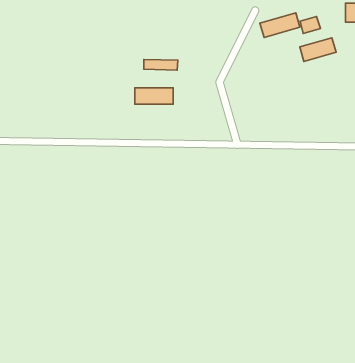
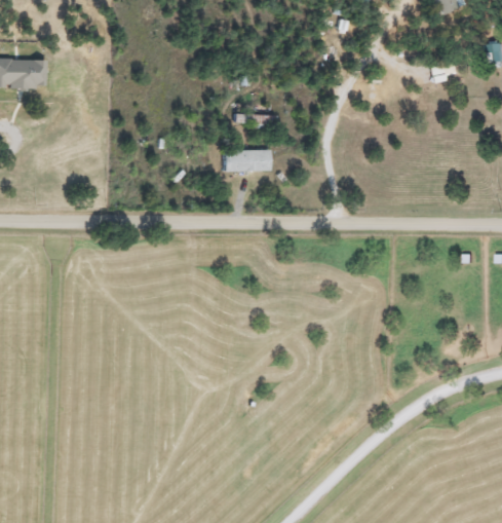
building: [260,13,300,38] -> none
building: [300,38,336,61] -> none

